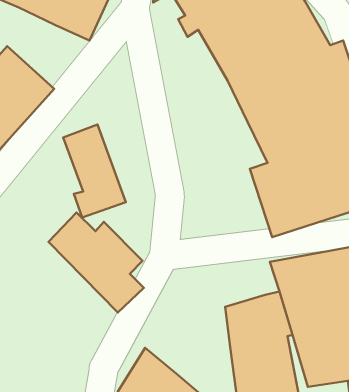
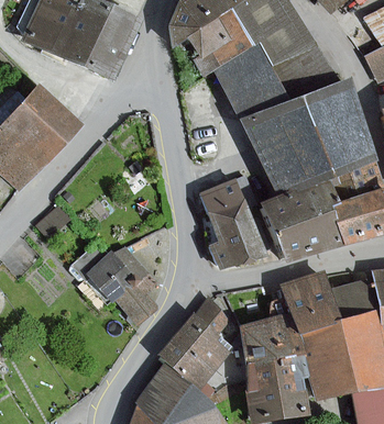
building: [63,124,126,218] -> [202,181,261,268]
building: none -> [156,299,235,391]

